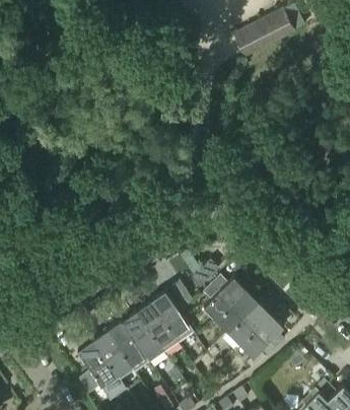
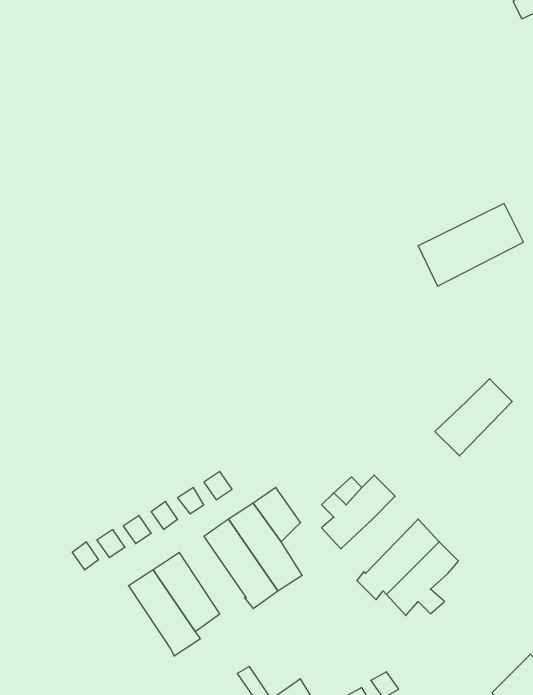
building: [234,13,295,61] -> [418,204,523,286]
building: [215,290,260,335] -> [435,379,512,456]
building: [122,314,164,365] -> none
building: [73,335,117,388] -> none

